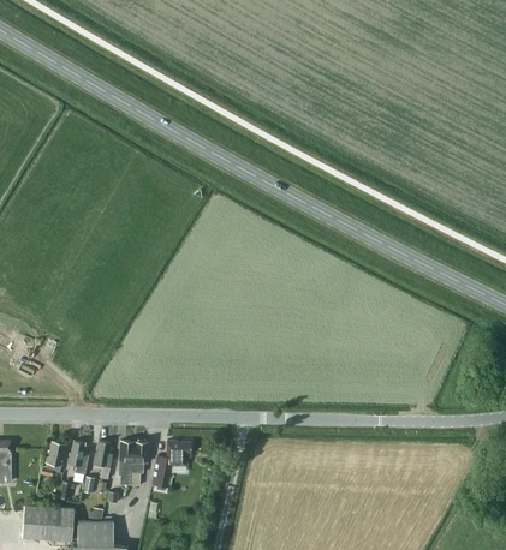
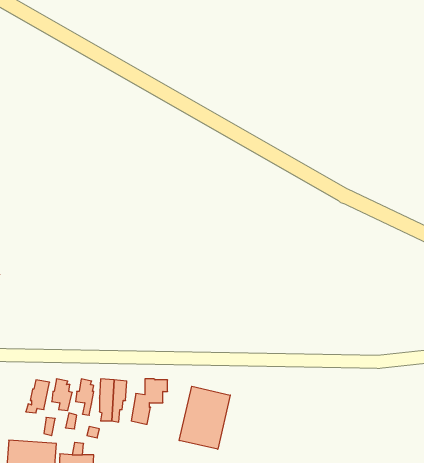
building: none -> [179,386,230,449]

